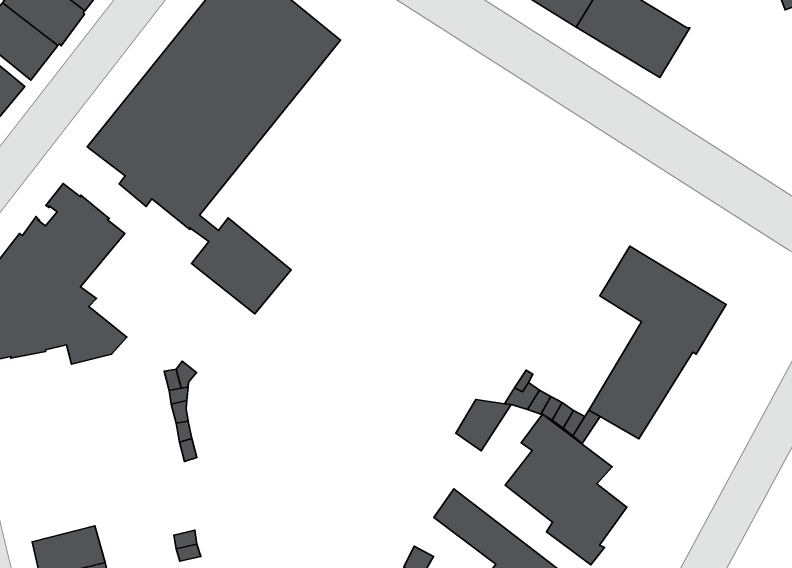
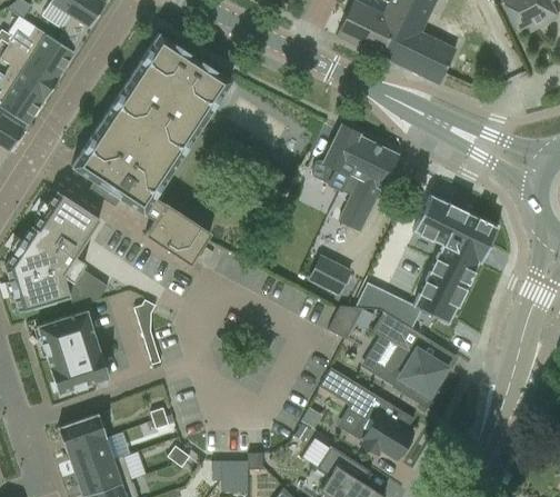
building: none -> [311,125,398,230]
building: none -> [311,257,351,292]
building: none -> [37,309,109,394]

